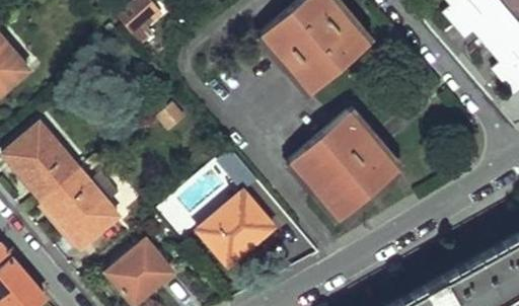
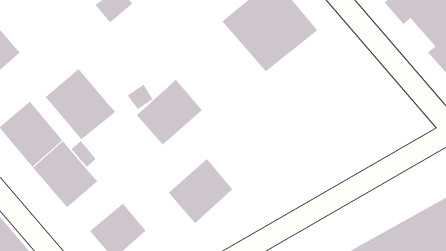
building: none -> [45,68,116,140]
building: none -> [136,79,203,145]
building: [289,110,397,217] -> none

